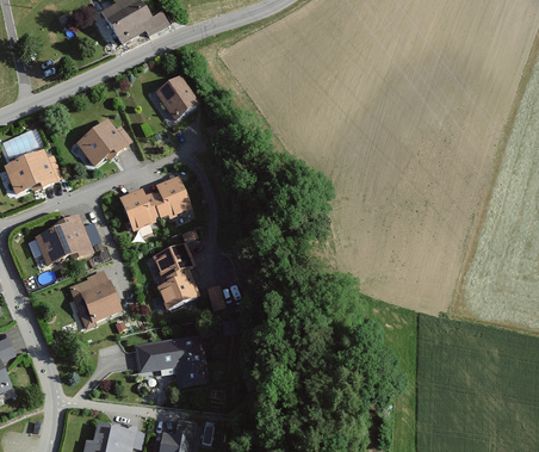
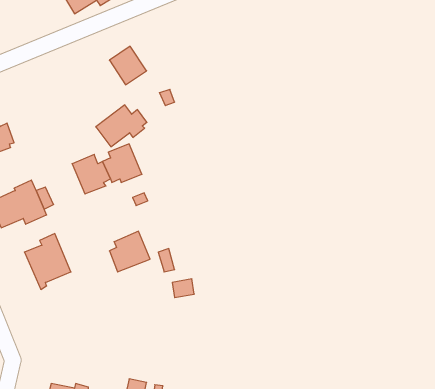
building: [78,120,130,163] -> [96,105,147,147]
building: [154,243,194,278] -> none
building: [136,335,206,385] -> none

